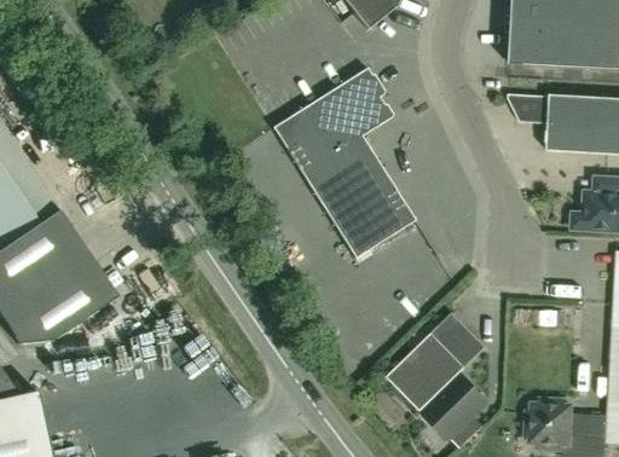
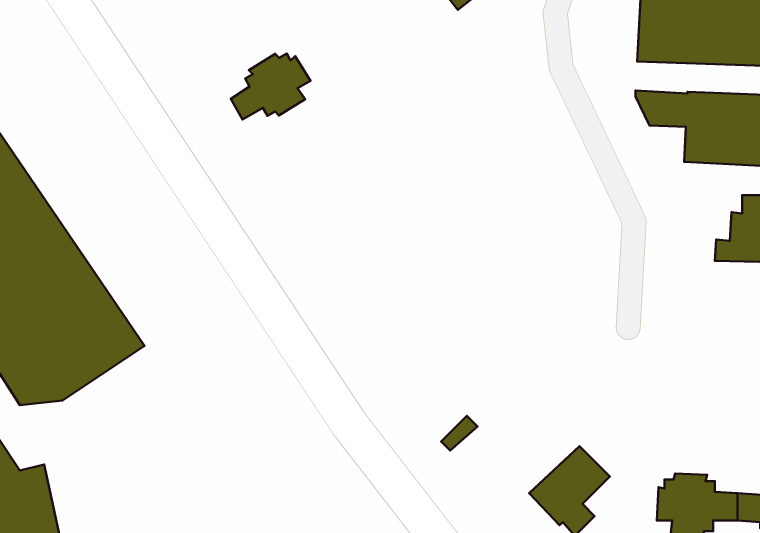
building: none -> [231,53,310,119]
building: [272,65,415,256] -> none
building: [387,311,486,410] -> none

